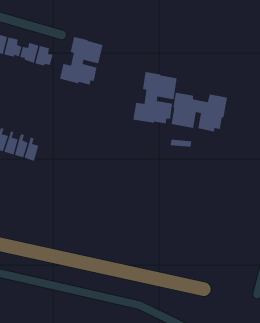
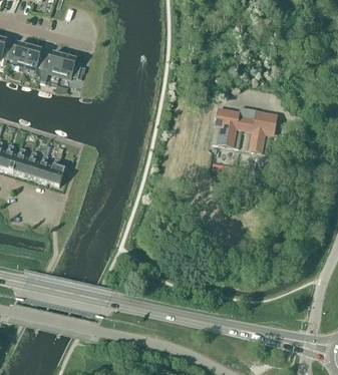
building: [60,36,103,86] -> none
building: [133,71,177,124] -> none

